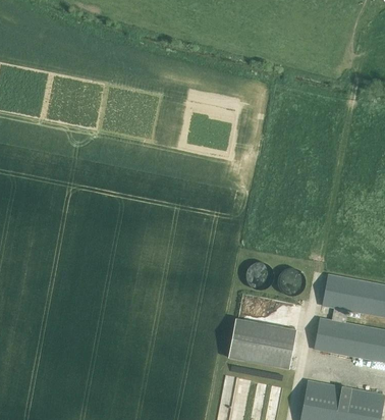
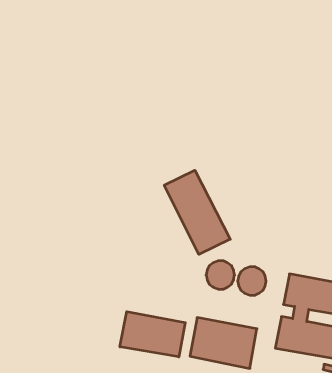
building: none -> [164,170,230,254]
building: none -> [120,312,185,357]

